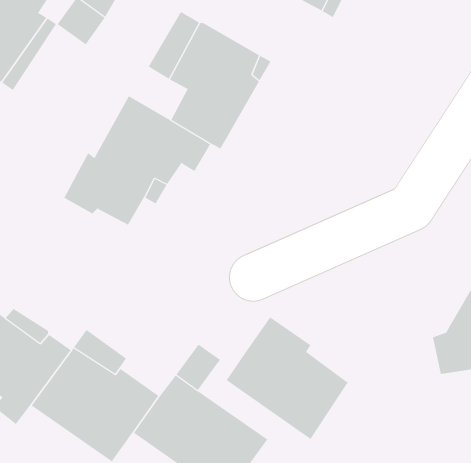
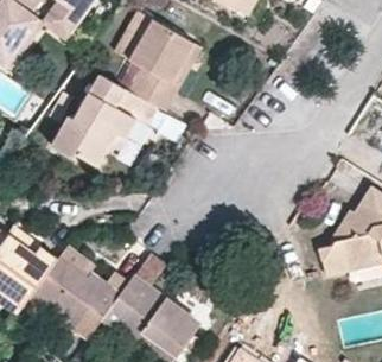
building: [226,317,349,440] -> none

